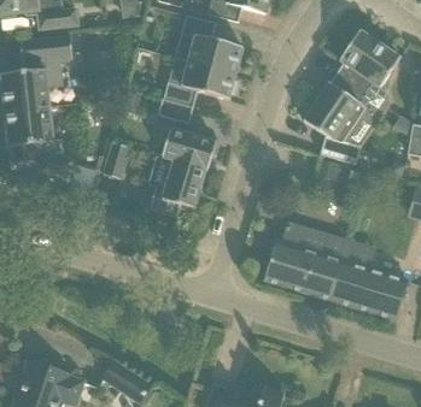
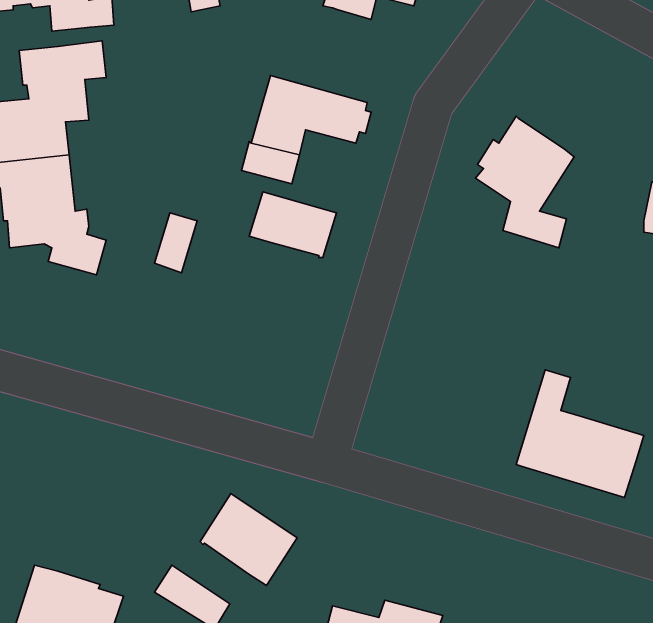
building: [175,13,242,72] -> none
building: [329,28,399,101] -> none
building: [148,159,205,214] -> none
building: [264,220,346,297] -> none
building: none -> [200,494,297,586]

